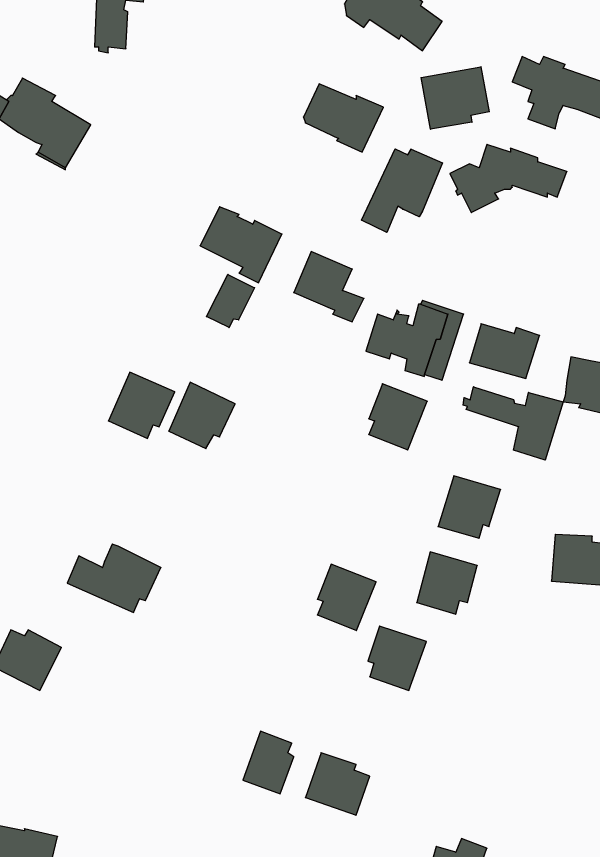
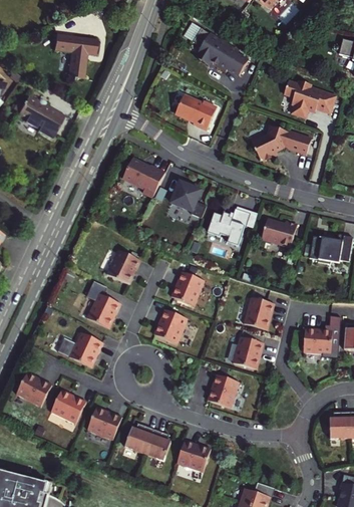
building: [421,67,489,129] -> none
building: [362,149,443,232] -> none
building: [206,274,255,328] -> none
building: [108,372,175,438] -> [86,292,120,326]
building: [369,384,427,450] -> [173,270,204,304]
building: [463,387,563,460] -> none
building: [317,564,376,631] -> [156,308,187,342]
building: none -> [52,389,87,420]
building: none -> [87,409,121,439]
building: none -> [123,422,153,453]

